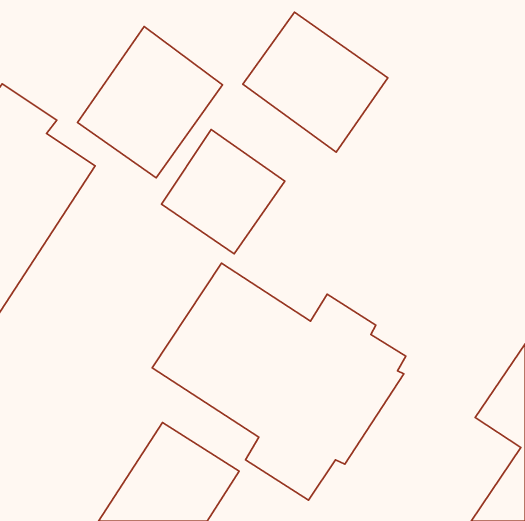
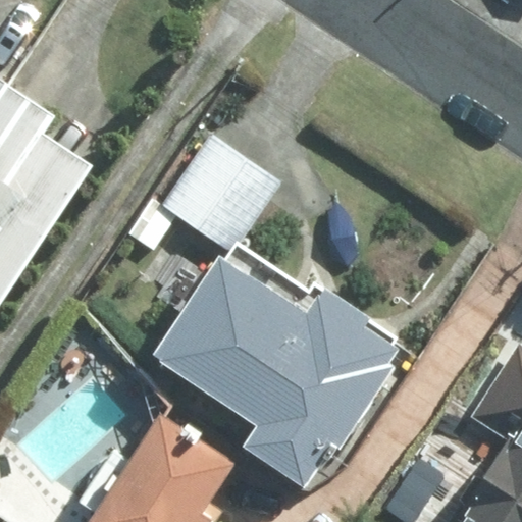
building: [243,12,388,152] -> none
building: [77,27,222,178] -> none

